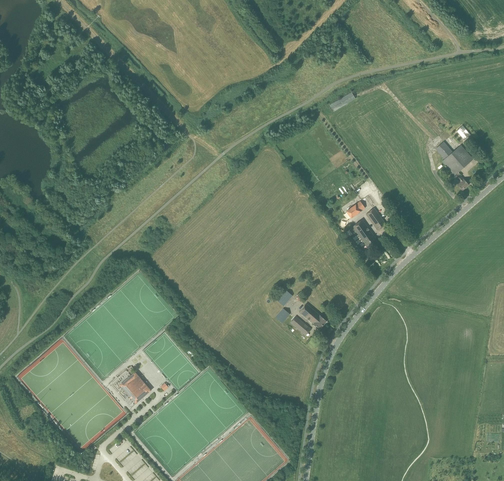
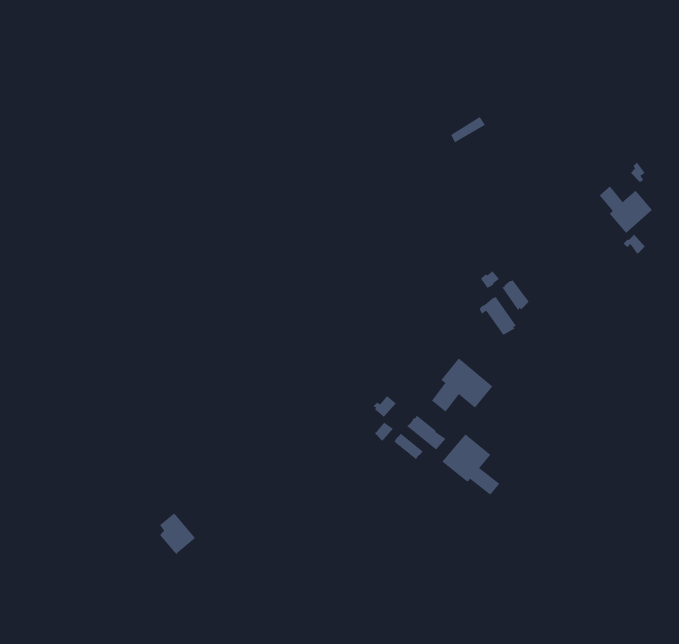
building: none -> [431,358,493,413]
building: none -> [441,434,500,495]

